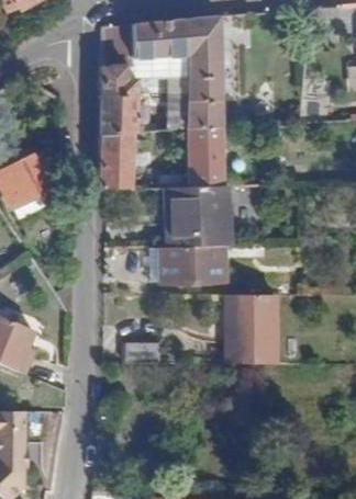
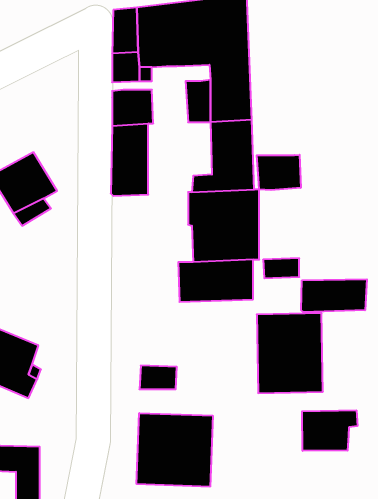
building: none -> [257,155,301,190]
building: none -> [301,279,367,312]
building: none -> [302,410,357,451]
building: none -> [137,413,213,487]

